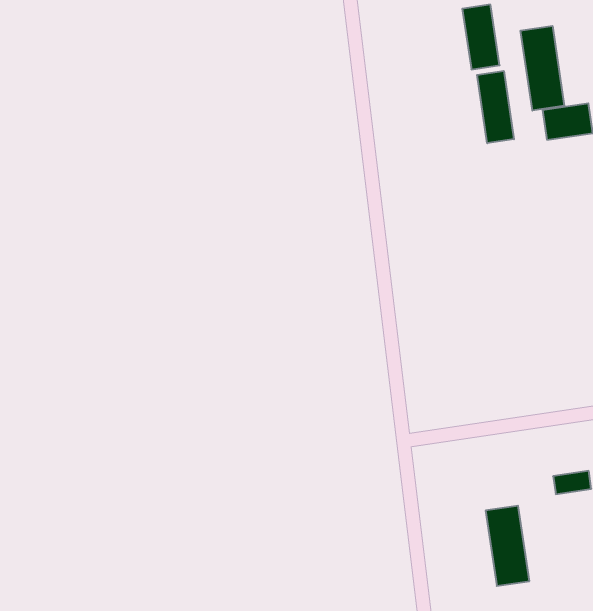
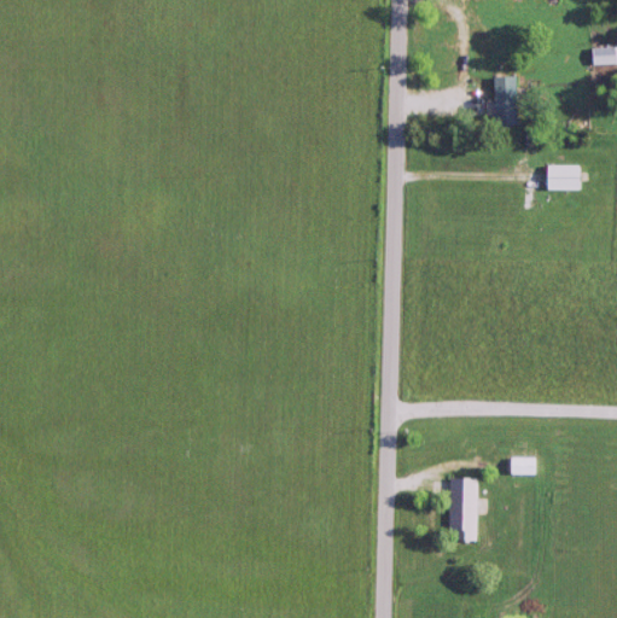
building: [521,26,564,111] -> none
building: [477,71,514,143] -> none

